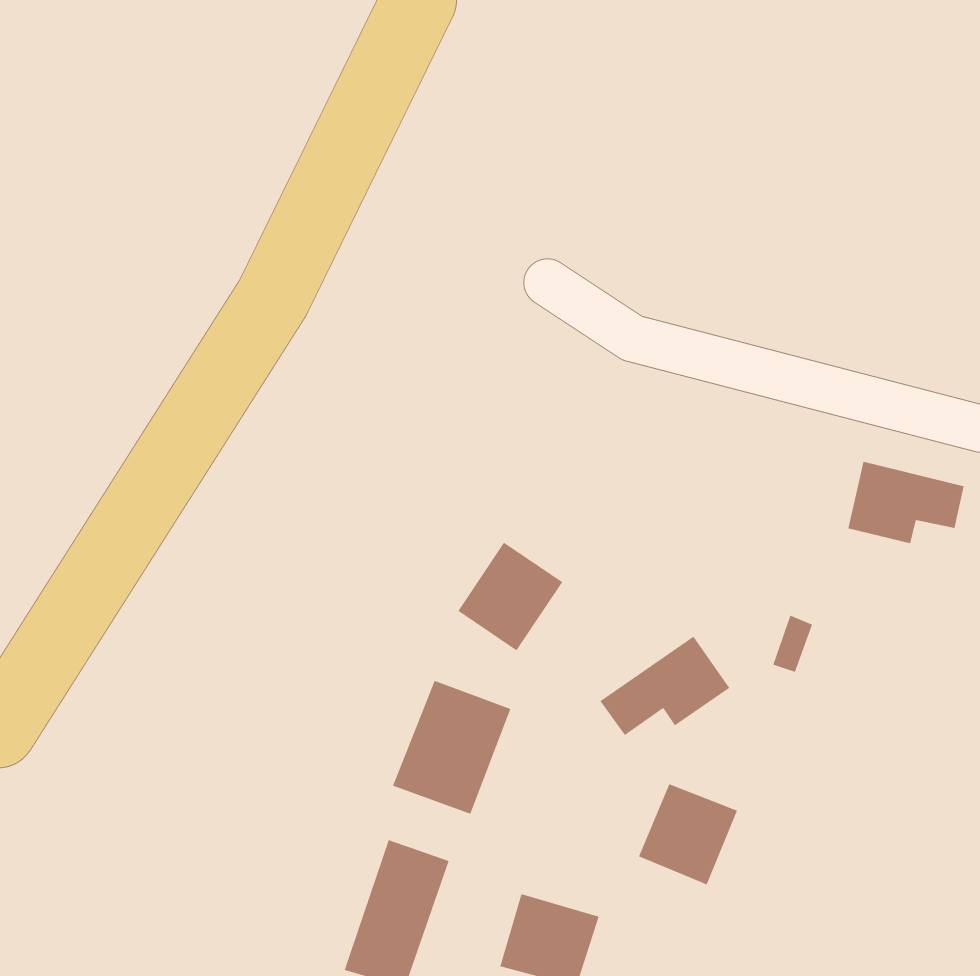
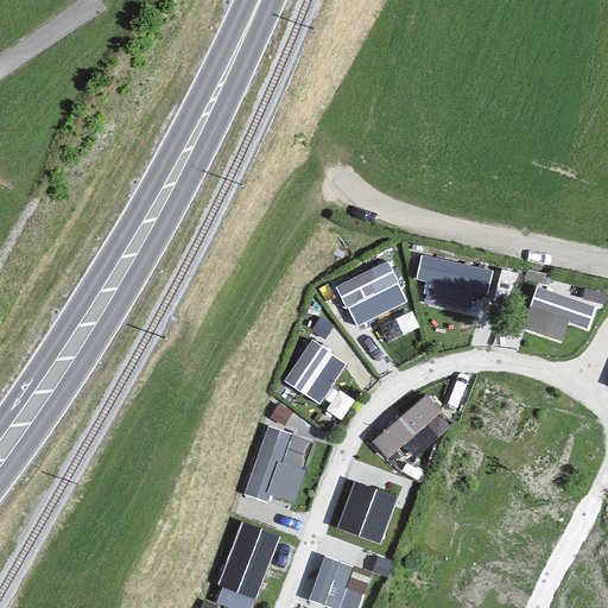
building: none -> [419,255,493,305]
building: none -> [335,261,406,327]
building: [638,783,738,885] -> [336,481,398,544]

